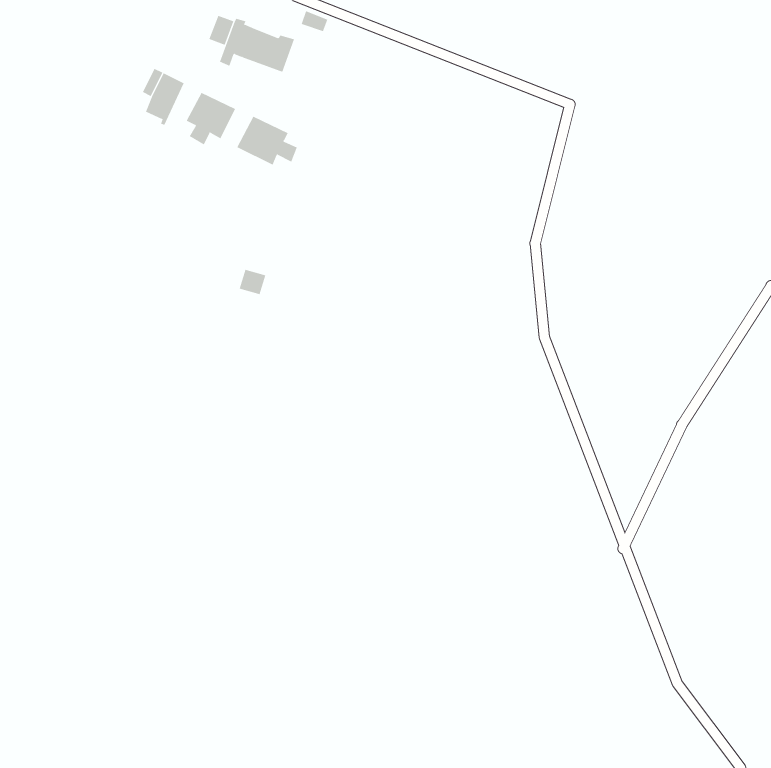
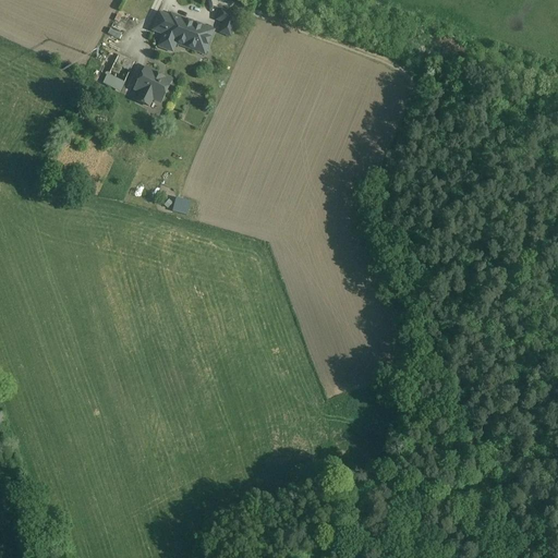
building: [237,116,297,166] -> none

